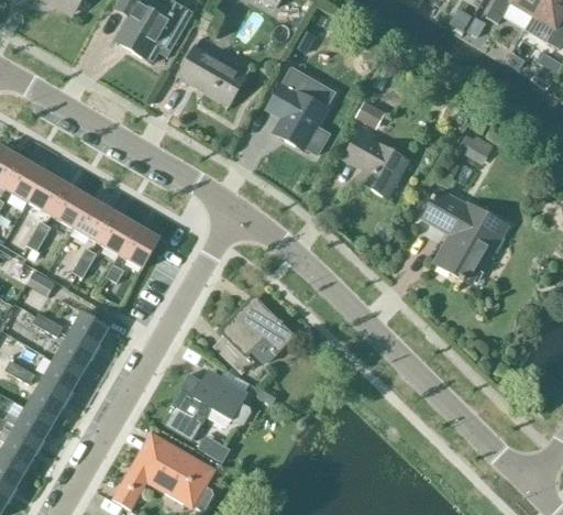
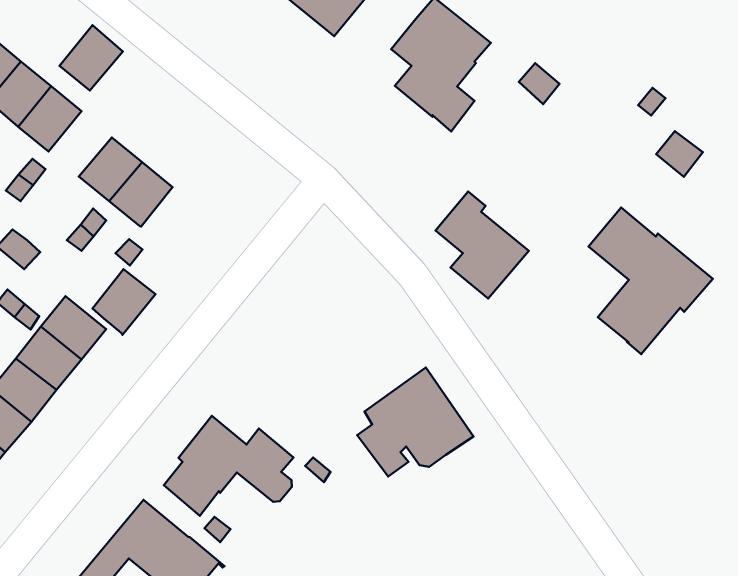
building: [343,127,408,196] -> [435,191,529,298]
building: [49,183,90,227] -> [60,25,123,91]
building: [120,223,161,267] -> [92,269,156,335]
building: [216,293,294,370] -> [357,368,474,476]

